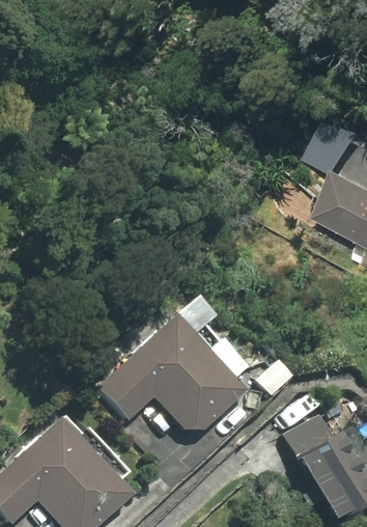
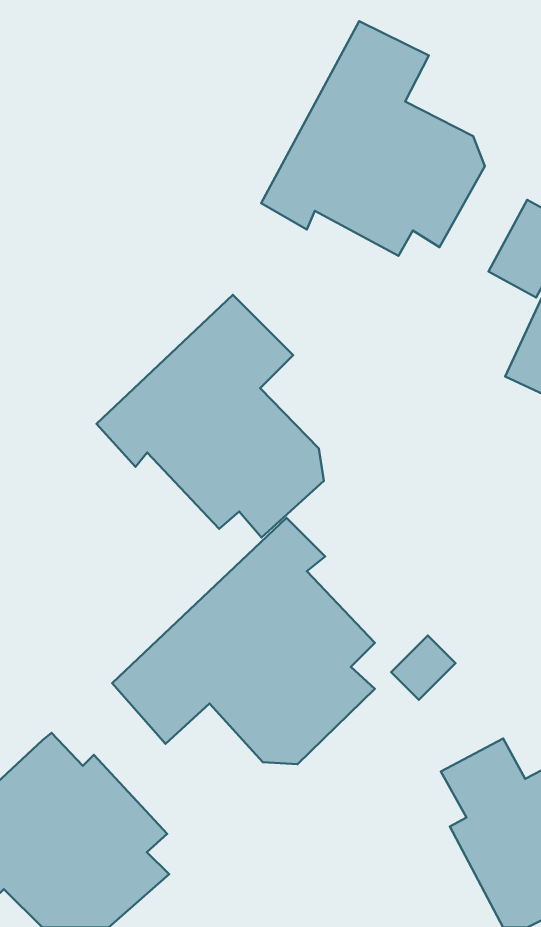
building: none -> [261,21,485,256]
building: none -> [96,295,324,538]

